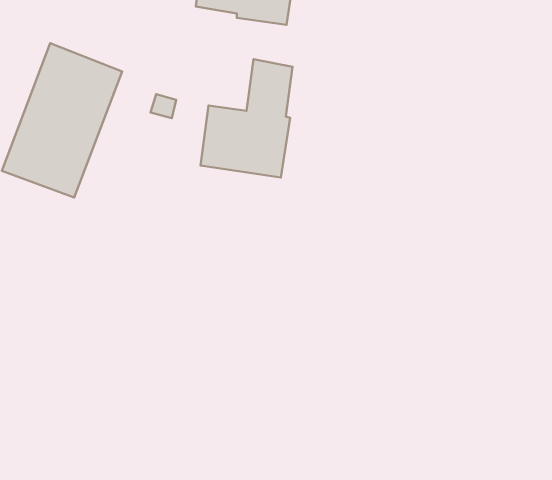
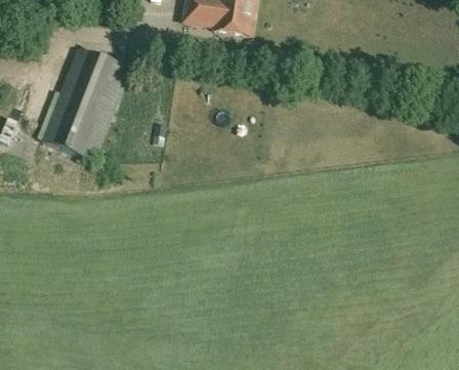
building: [201,59,293,178] -> none

